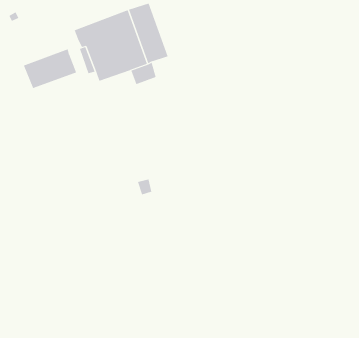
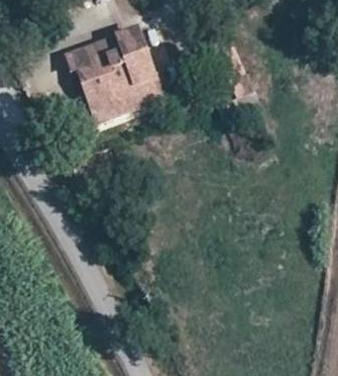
building: [23,48,77,89] -> none

